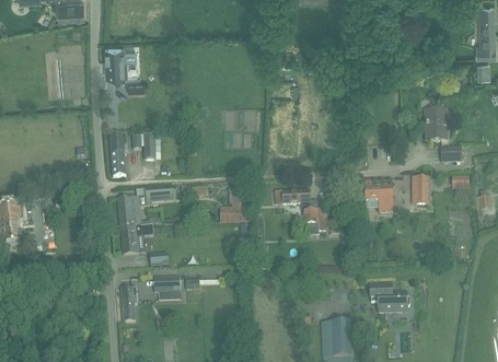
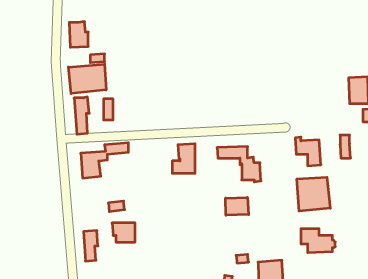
building: none -> [68,64,106,94]
building: [119,224,152,254] -> none
building: none -> [297,177,330,211]
building: none -> [226,197,249,215]

